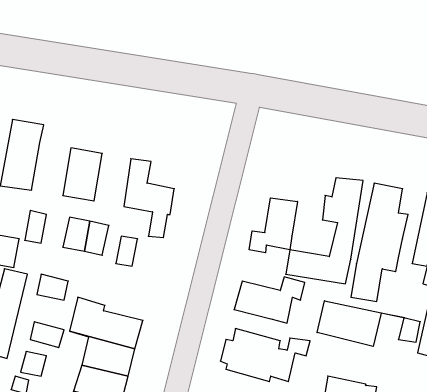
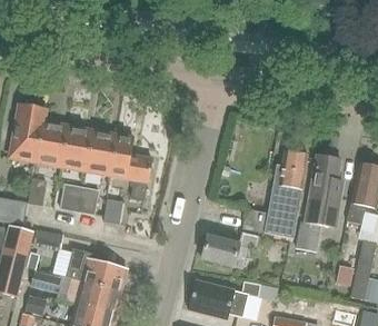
building: none -> [34,121,67,165]
building: none -> [86,130,116,174]
building: [249,198,297,253] -> none
building: [317,301,405,346] -> none

